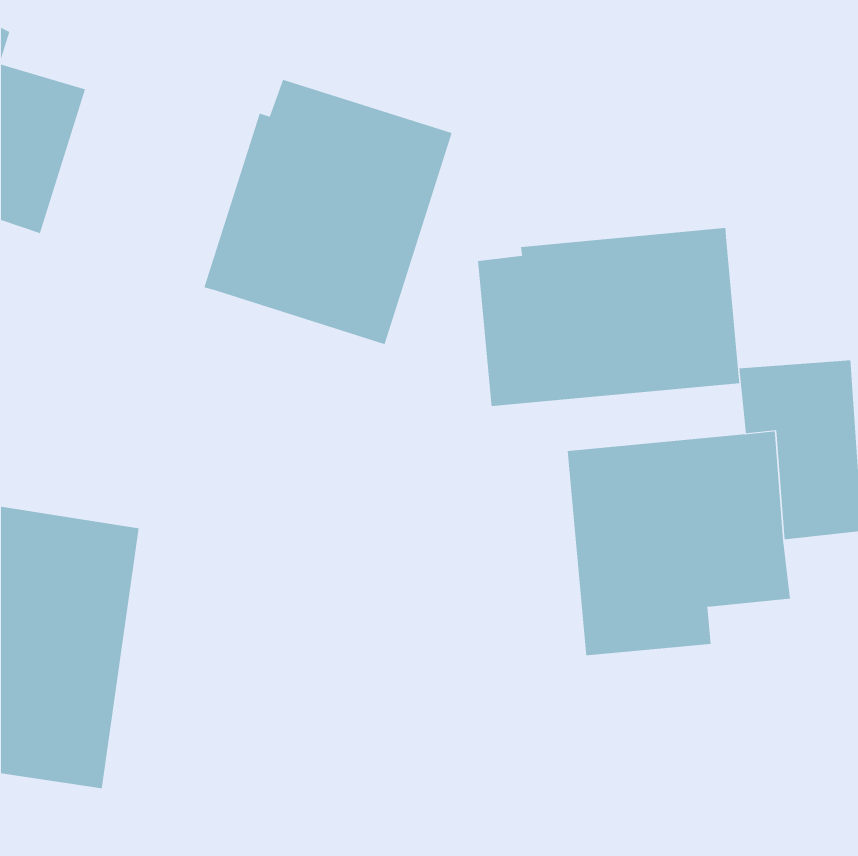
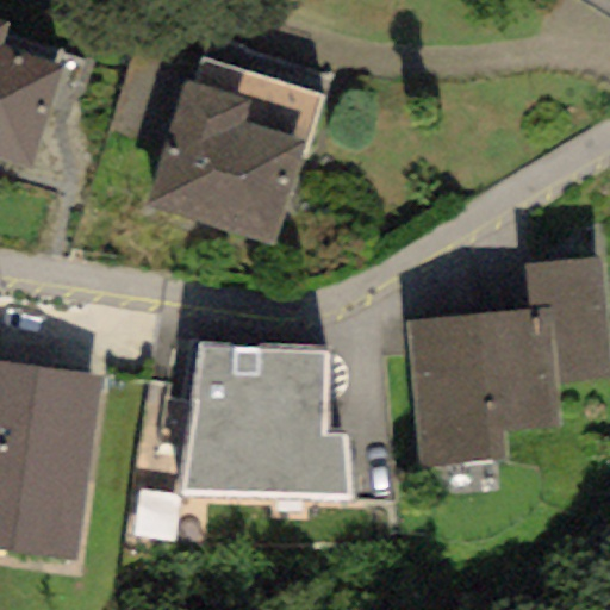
building: [478,227,740,407] -> none
building: none -> [176,343,349,500]

